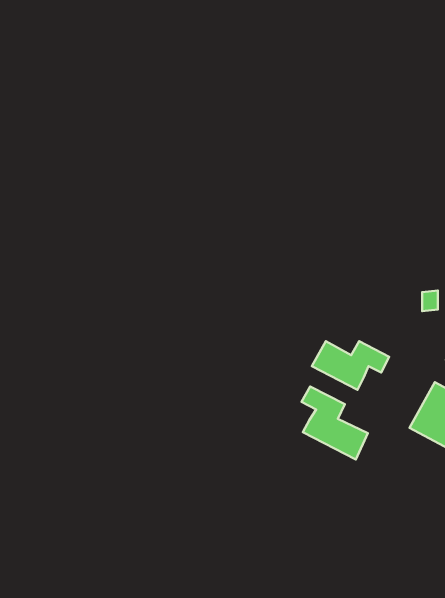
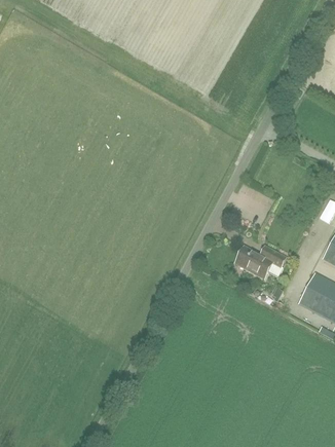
building: [302,386,368,460] -> none

